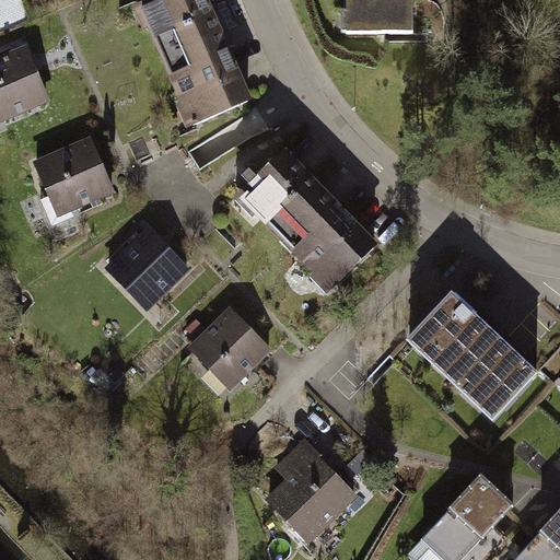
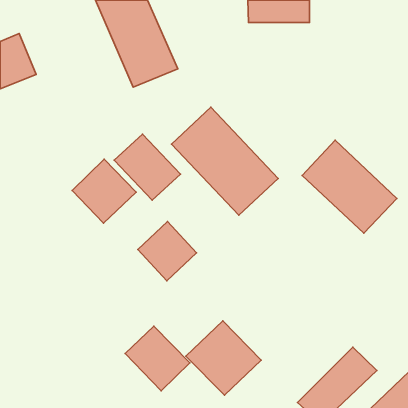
building: [32,136,113,213] -> none
building: none -> [114,134,181,200]
building: [409,295,538,422] -> [302,140,397,233]
building: none -> [125,326,190,391]

